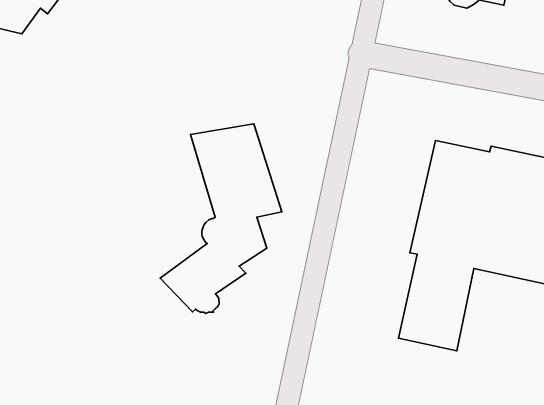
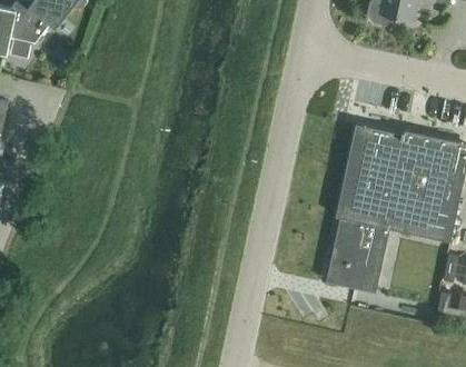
building: [160,124,282,313] -> none

